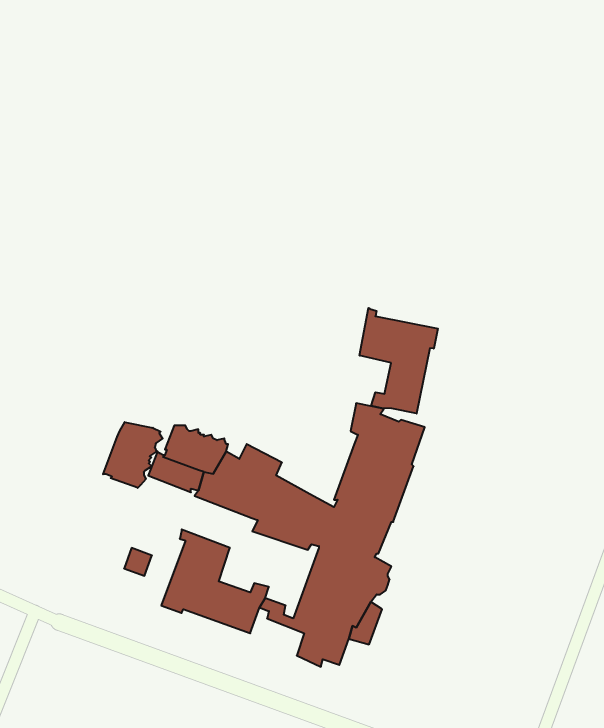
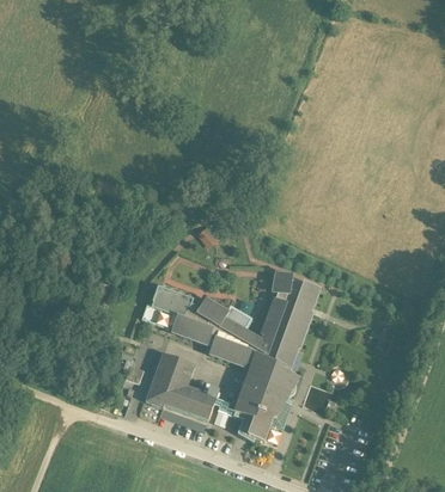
building: [360,308,438,414] -> none
building: [103,422,163,488] -> none

